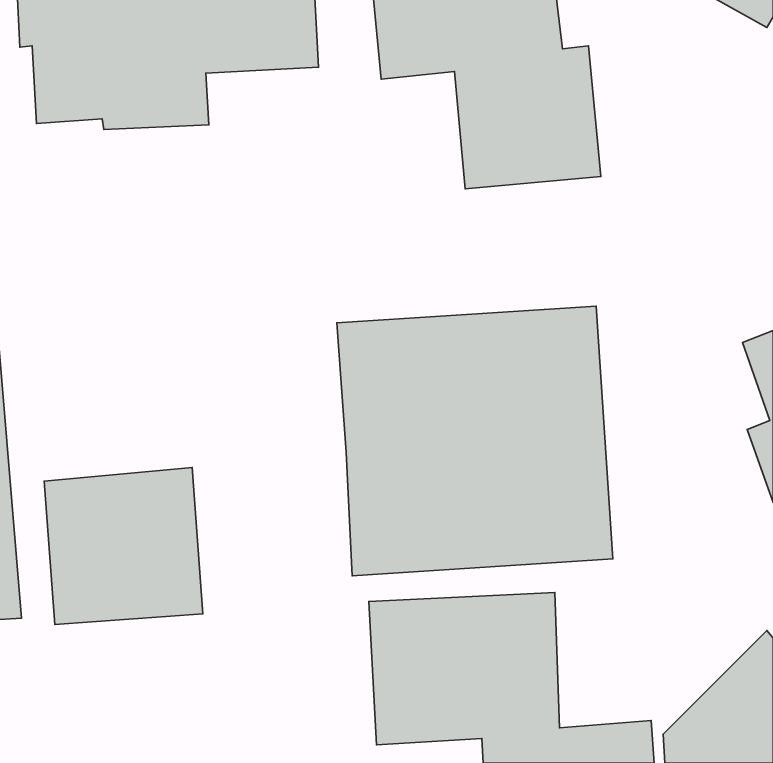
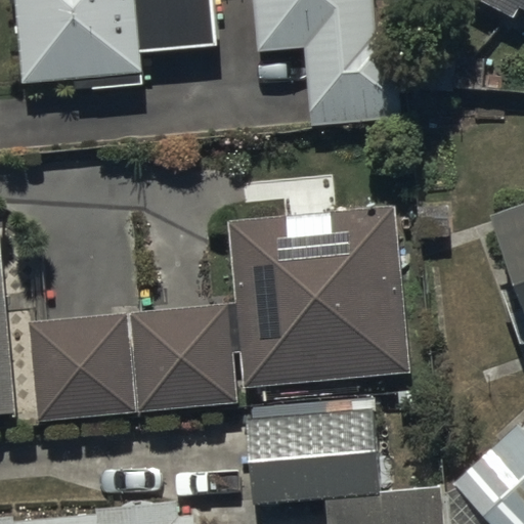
building: none -> [129,304,238,412]

